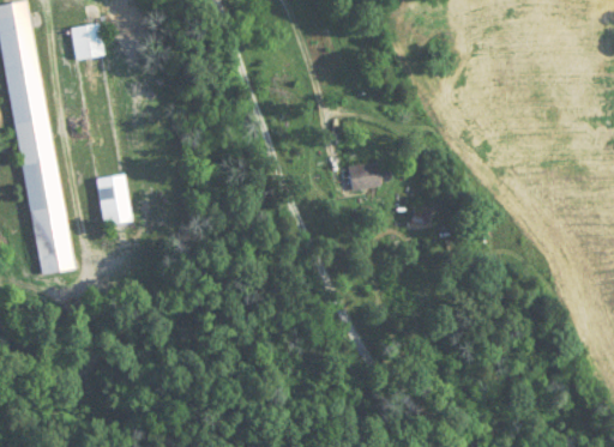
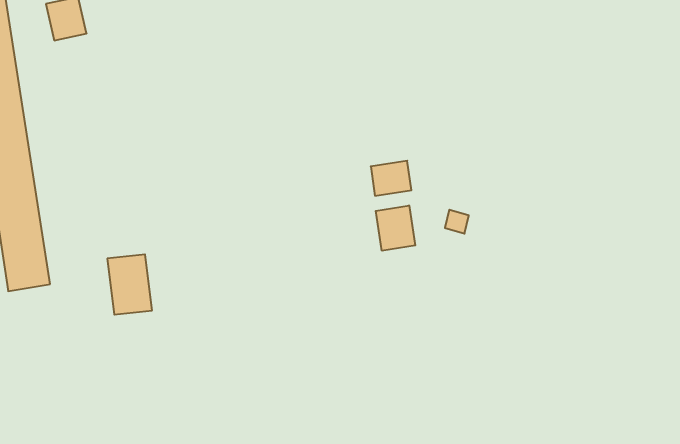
building: [94,174,132,225] -> [107,254,152,315]
building: none -> [376,205,415,251]

